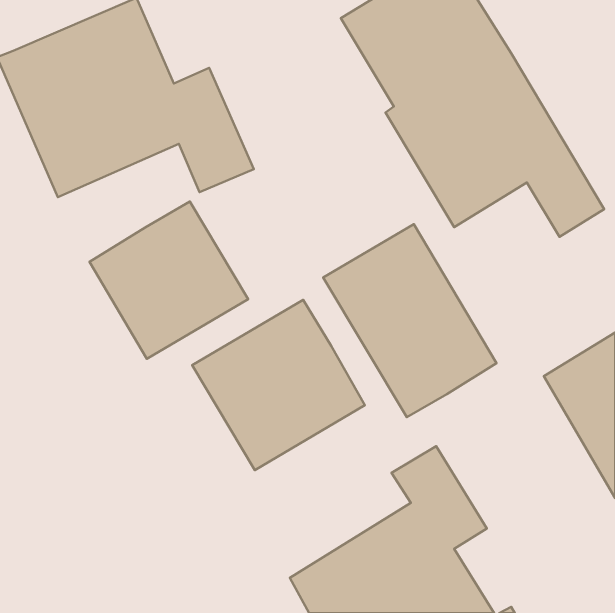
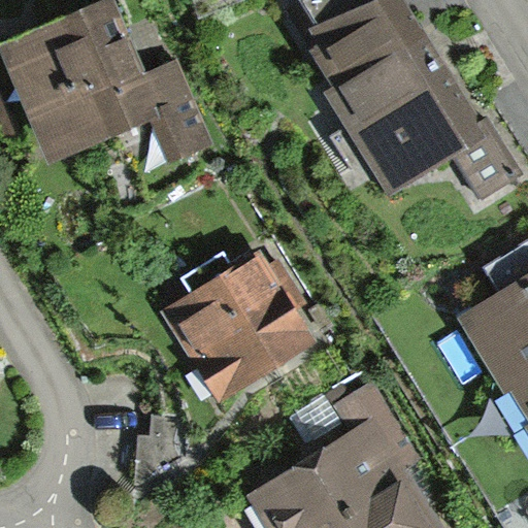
building: [89,202,248,359] -> none
building: [323,224,496,417] -> none

